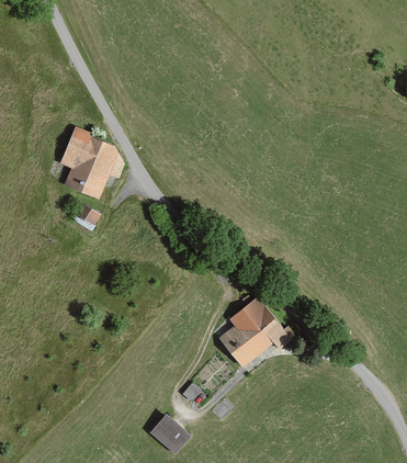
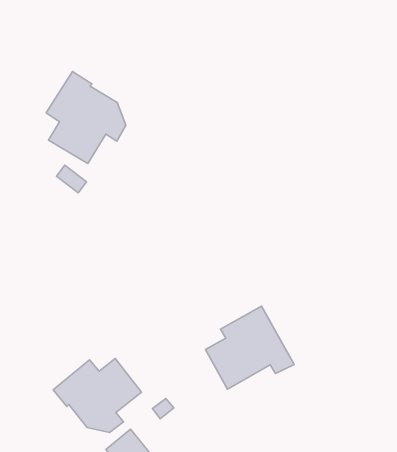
building: none -> [53,359,142,433]

